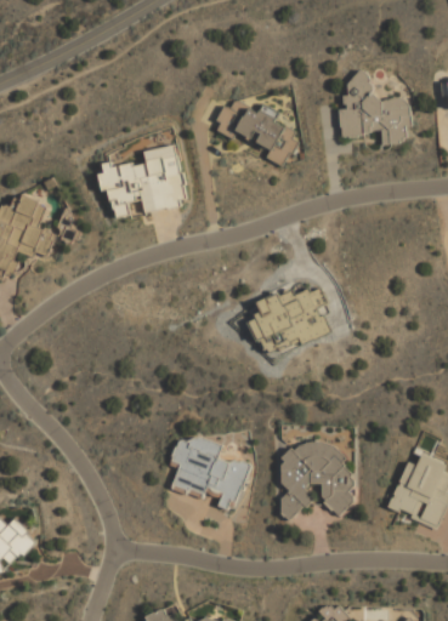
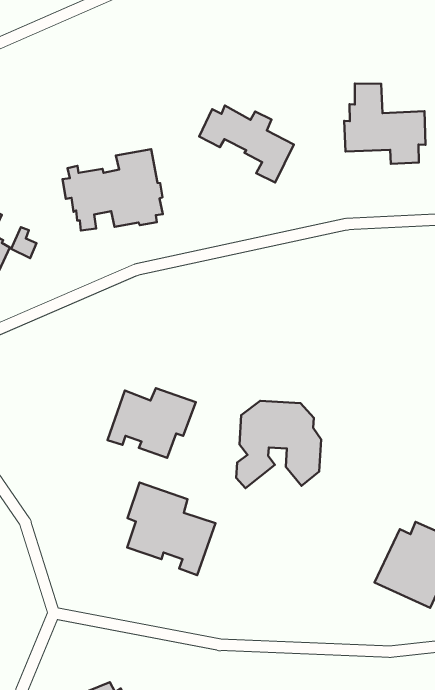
building: none -> [107,388,196,458]
building: [279,444,351,520] -> [236,401,321,488]

